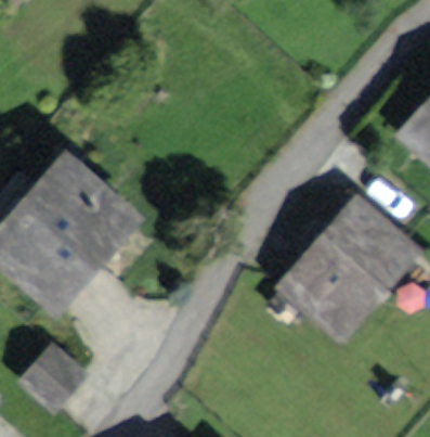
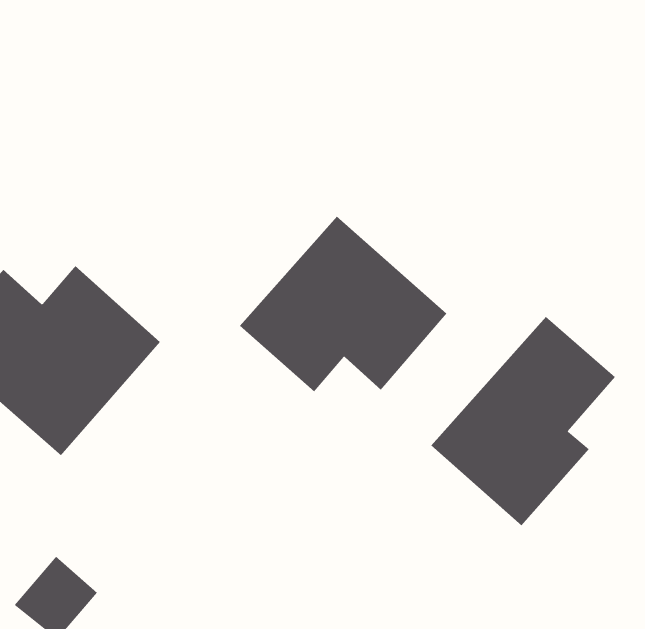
building: none -> [239,216,447,392]

